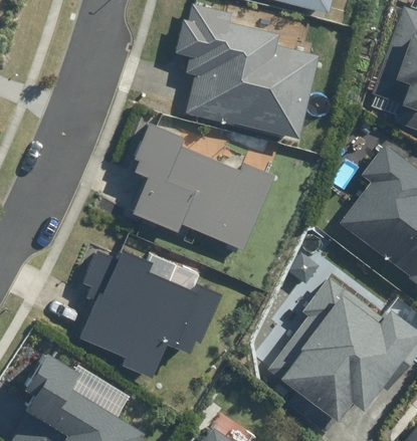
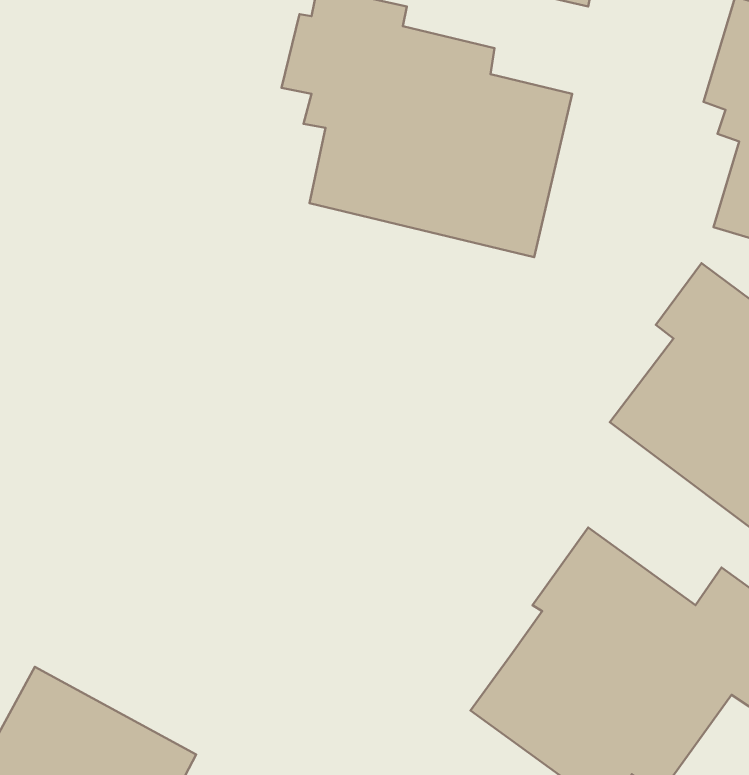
building: [127,122,275,252] -> none
building: [74,246,223,378] -> none

